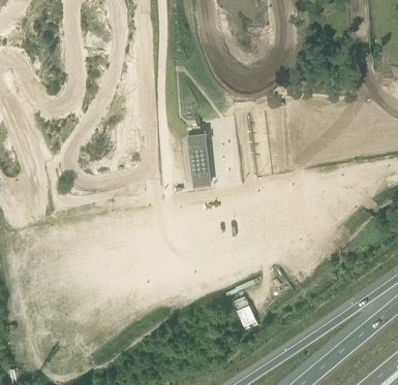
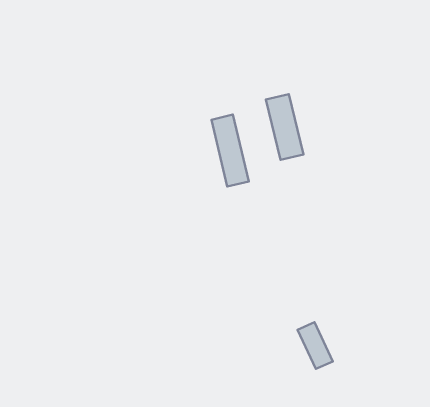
building: none -> [266,94,303,160]

